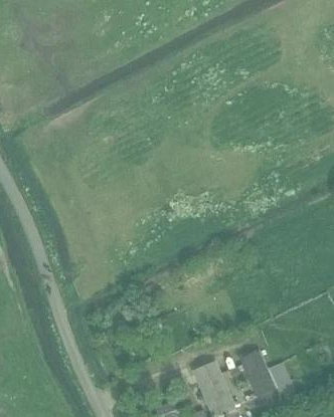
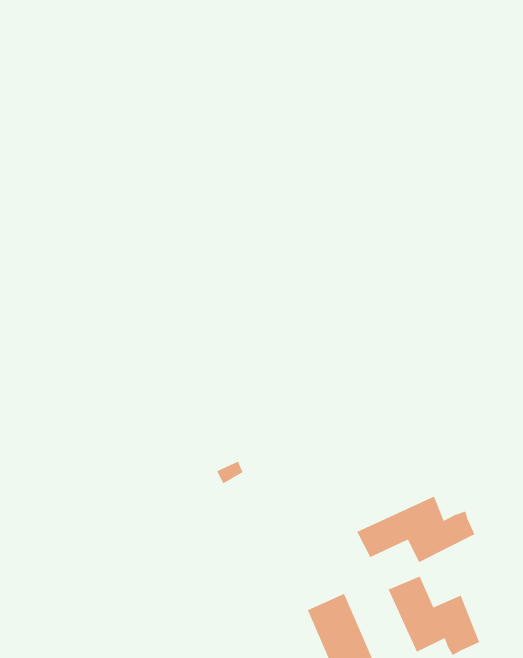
building: none -> [356,496,475,563]

